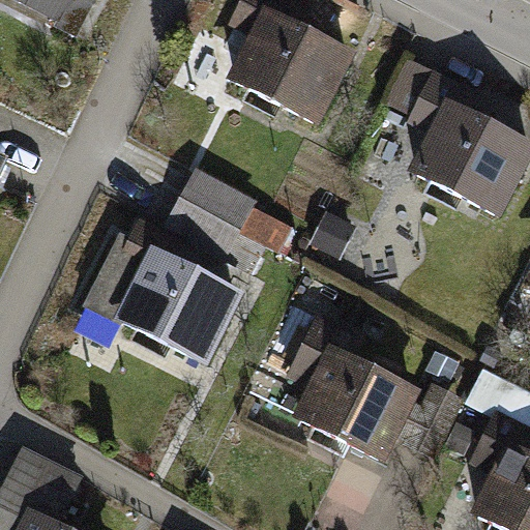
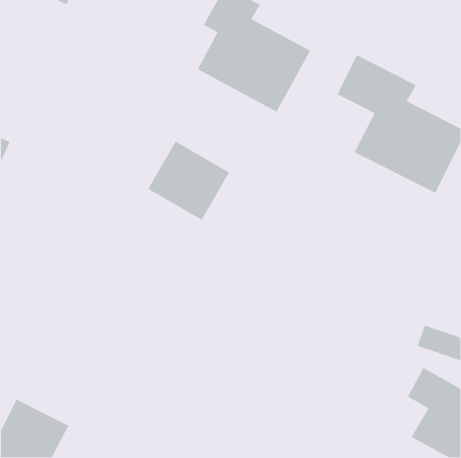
building: [101,233,246,375] -> none
building: [286,324,420,455] -> none

